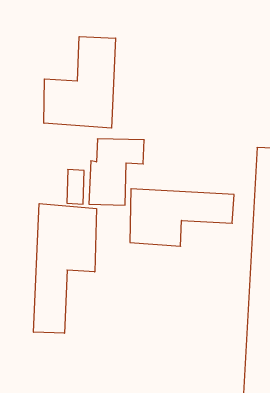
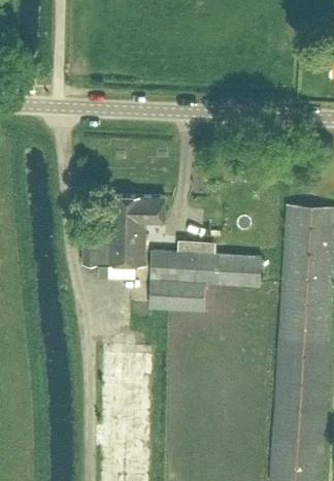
building: [44,37,116,128] -> none
building: [34,204,96,333] -> none

